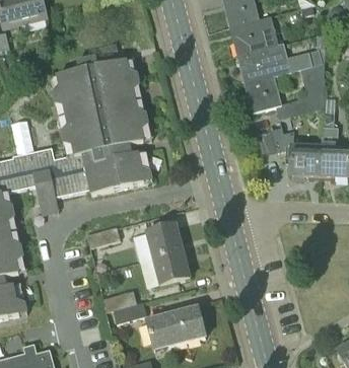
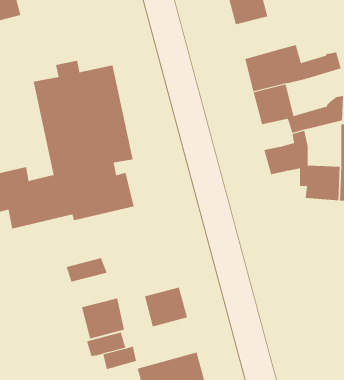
building: [230,15,278,55] -> none
building: [145,223,183,259] -> [81,298,125,339]

